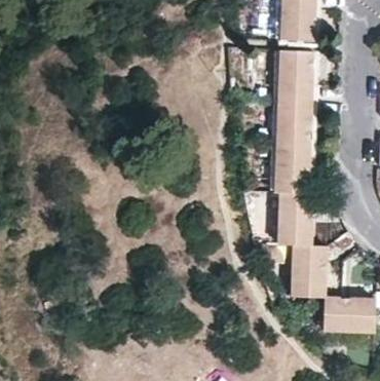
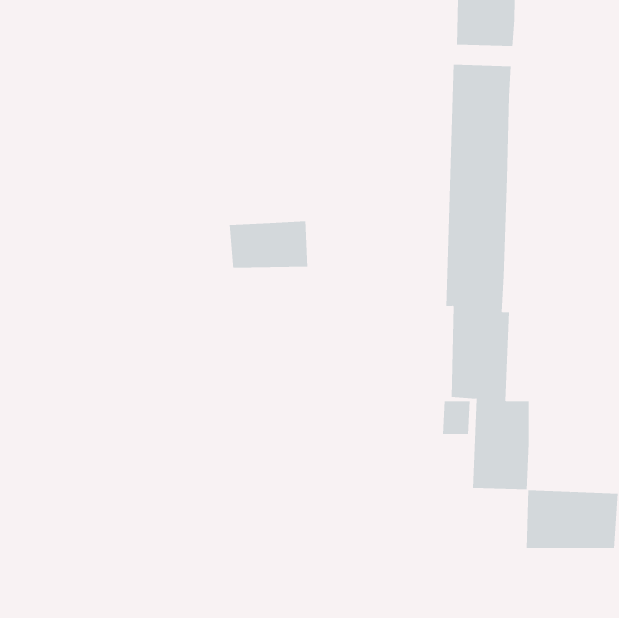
building: none -> [229,220,308,268]

